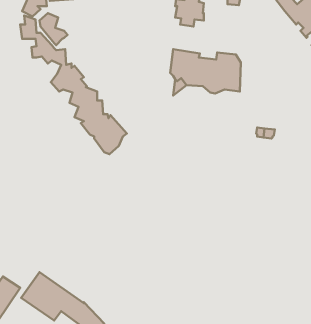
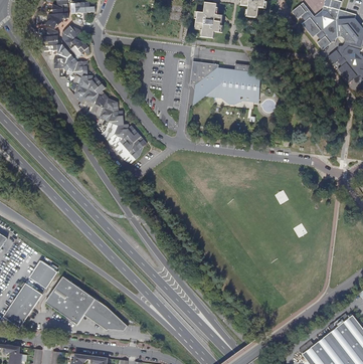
building: none -> [29,260,57,289]

